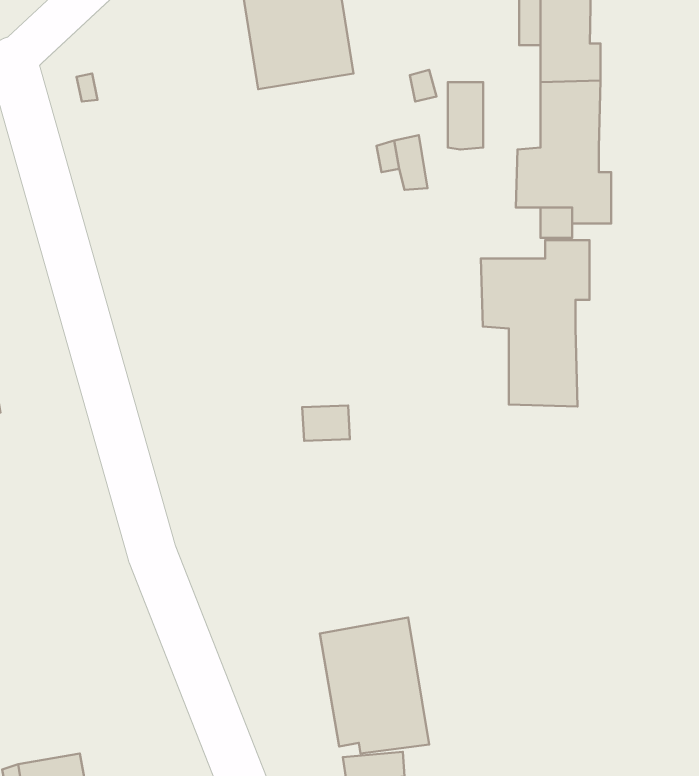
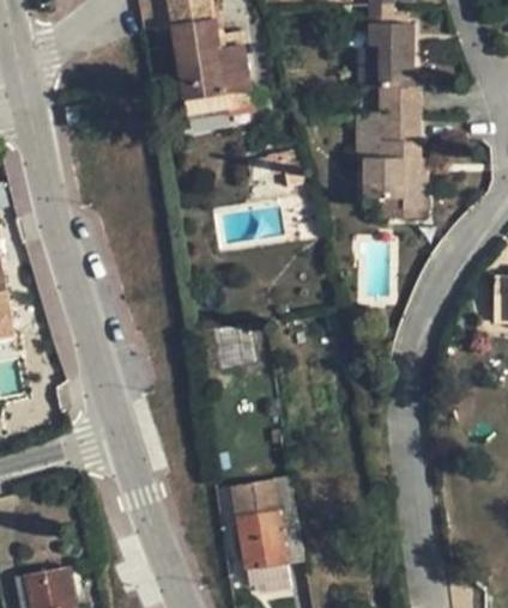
building: [448,82,483,149] -> [355,113,379,158]
building: [481,240,589,407] -> none

